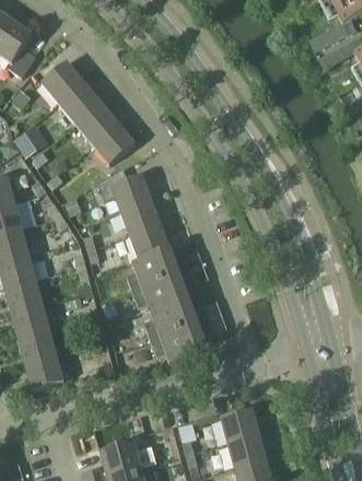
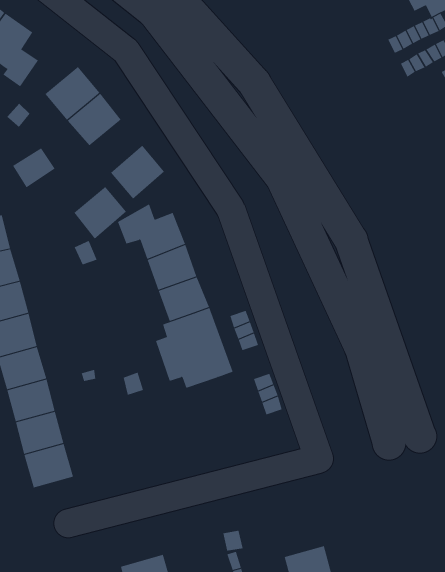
building: [75,102,117,143] -> [73,186,127,239]
building: [144,298,207,362] -> none
building: [220,408,259,443] -> none

